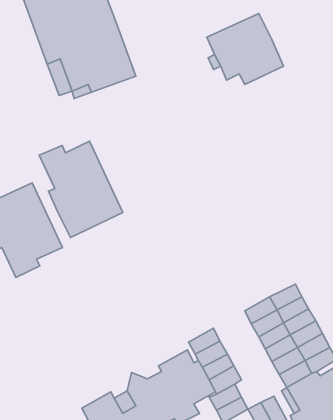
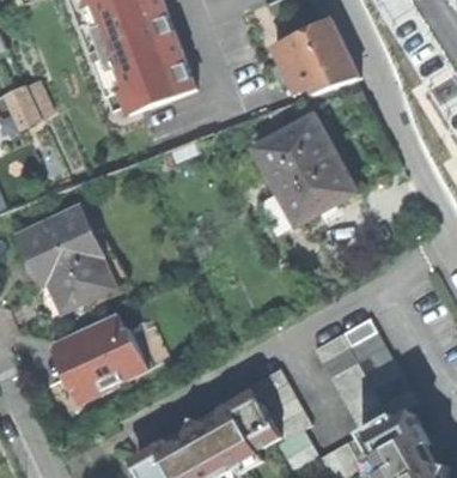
building: none -> [254,115,358,237]
building: [39,141,123,237] -> none
building: none -> [50,314,145,405]

